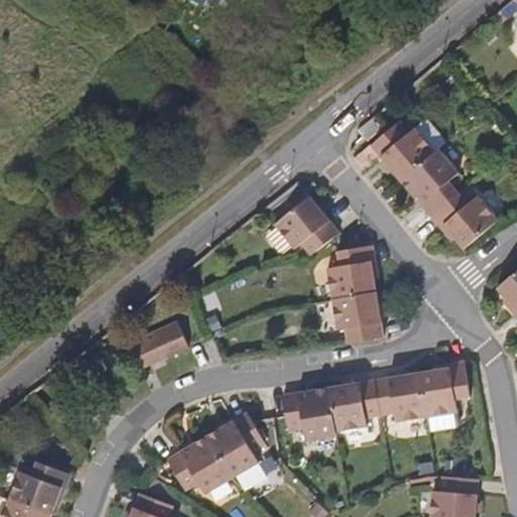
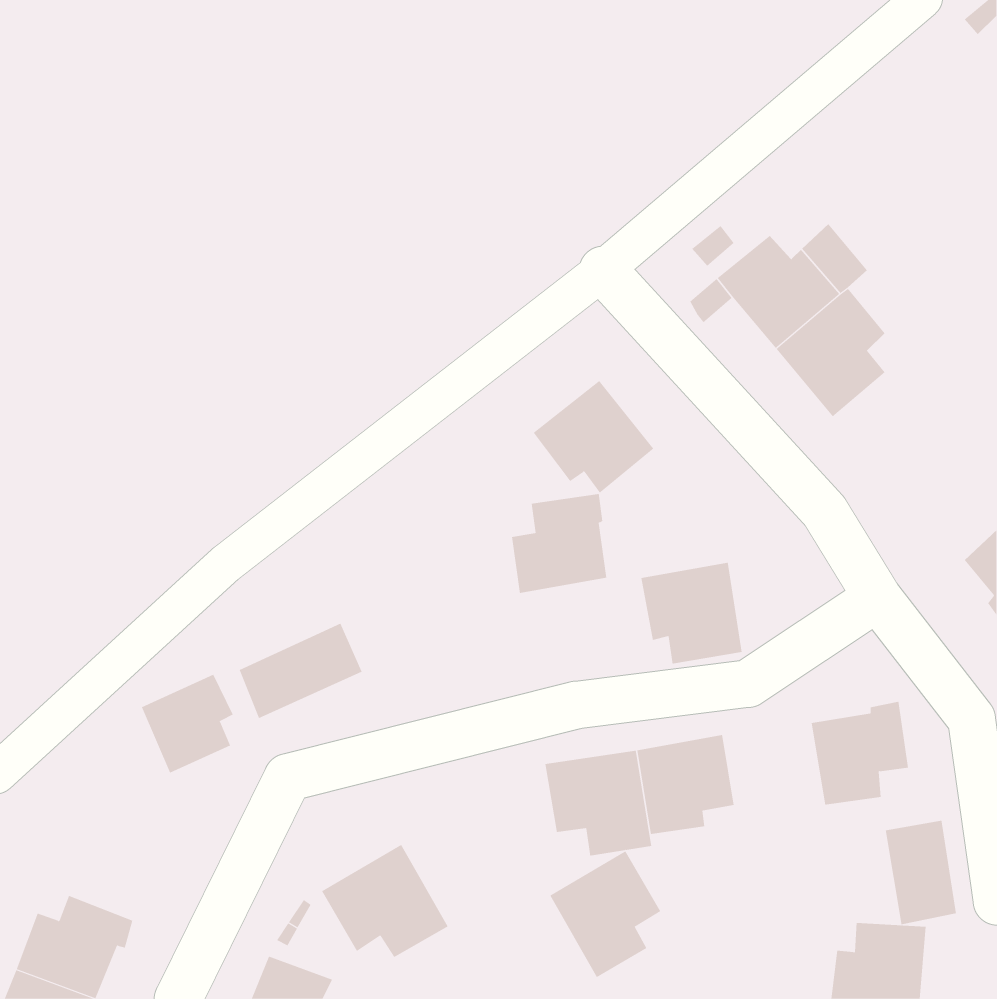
building: [429,192,497,248] -> none
building: [326,246,376,298] -> [511,494,607,594]
building: none -> [141,674,234,773]
building: [373,373,425,420] -> none
building: [207,412,265,478] -> [549,850,661,978]
building: none -> [885,820,957,925]

